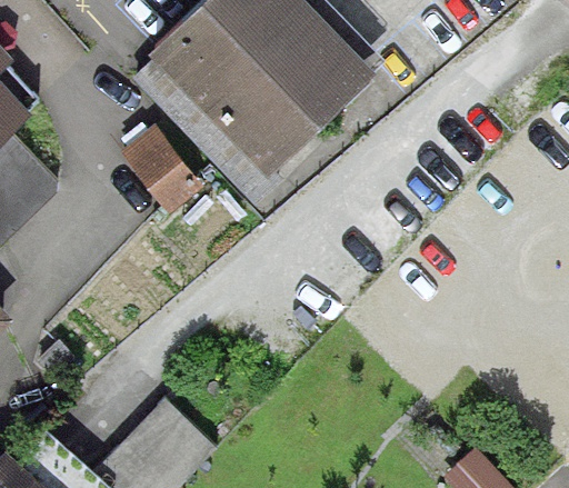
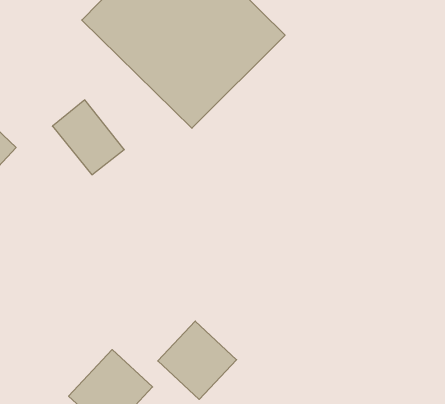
building: none -> [158,321,237,399]

